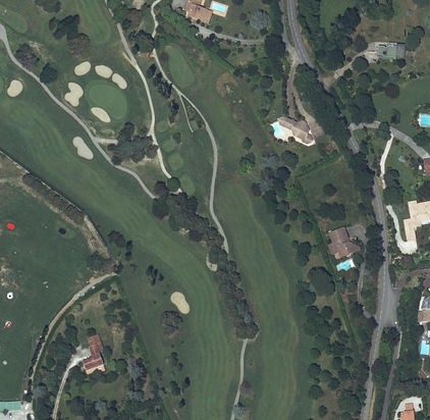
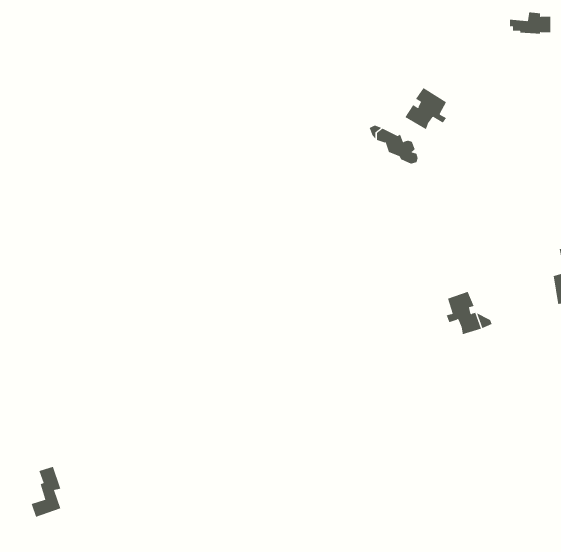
building: none -> [405,87,447,130]
building: [82,336,102,371] -> [31,466,61,517]

